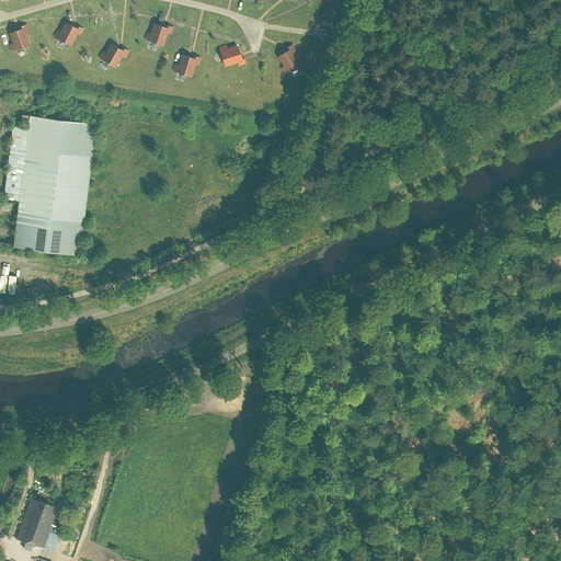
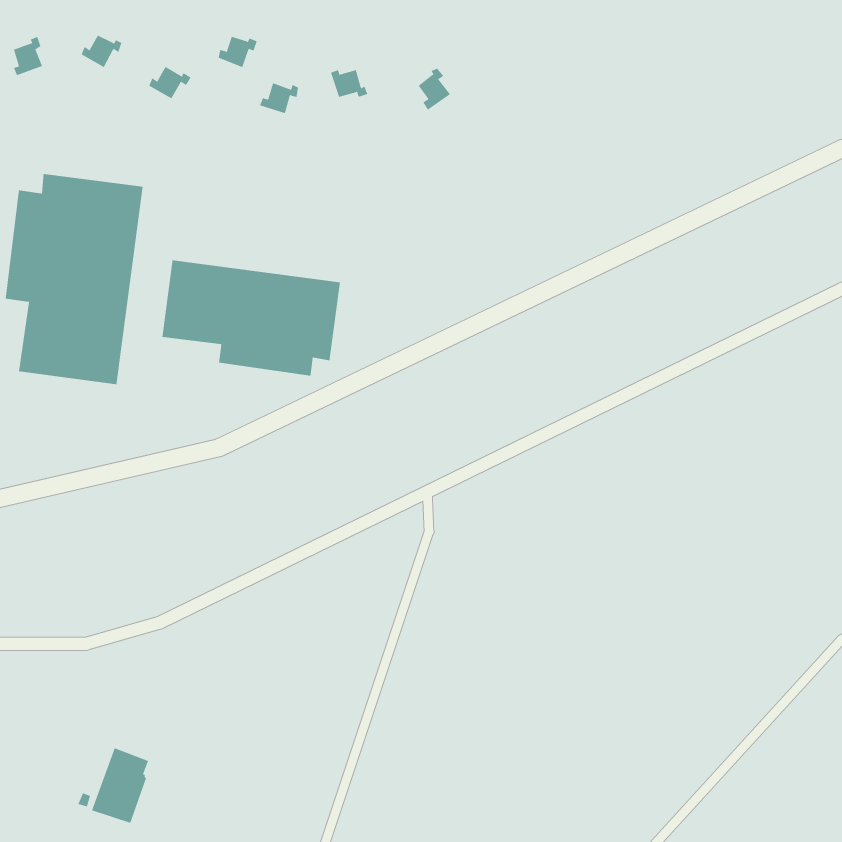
building: none -> [162,260,341,377]
building: [15,499,54,549] -> [91,748,149,824]

